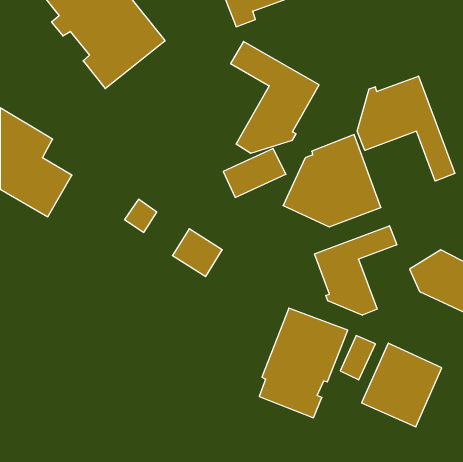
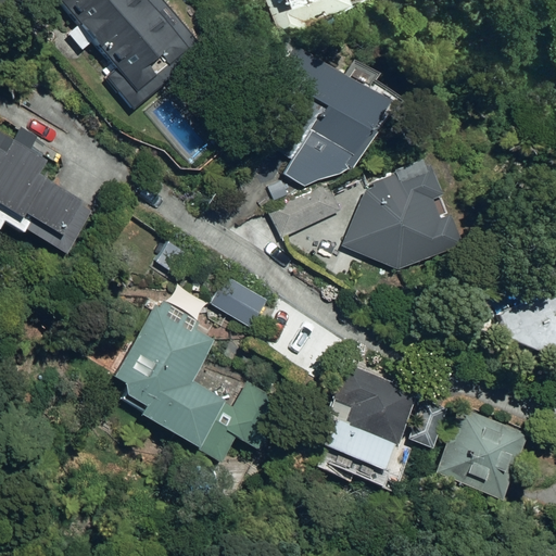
building: [357,76,455,181] -> none
building: [315,226,397,315] -> none
building: none -> [111,295,289,465]

